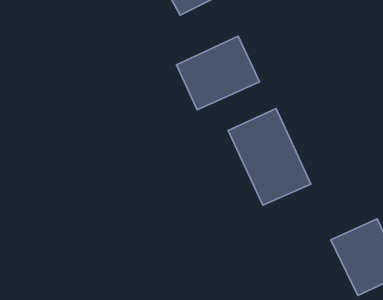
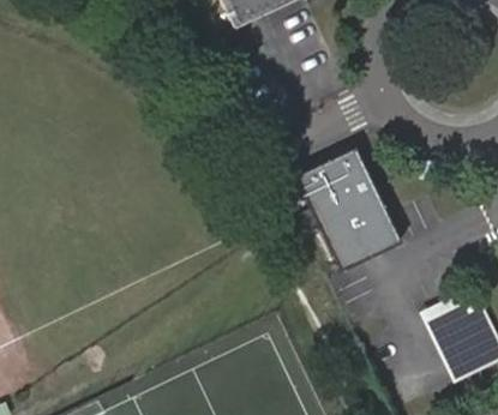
building: [177,36,260,110] -> none

